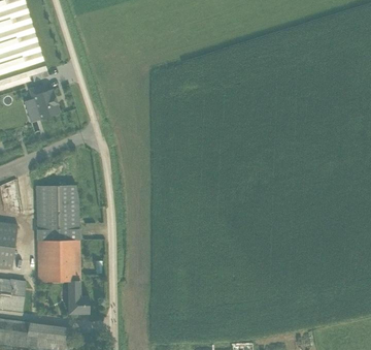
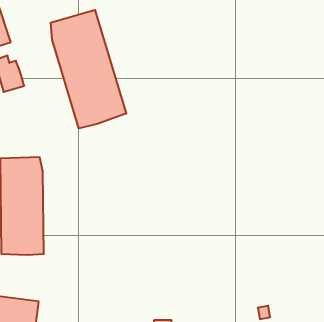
building: none -> [51,10,126,128]
building: [62,281,88,314] -> none

